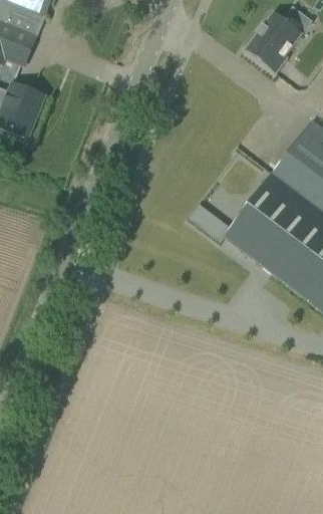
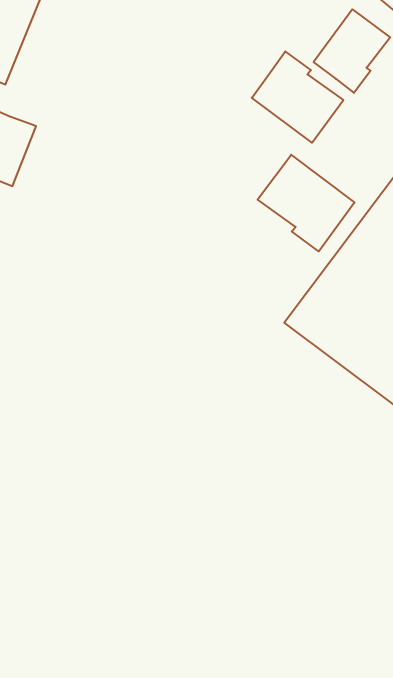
building: none -> [252,51,343,143]
building: none -> [258,155,355,251]

